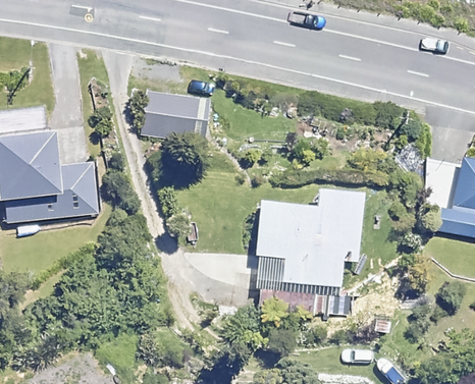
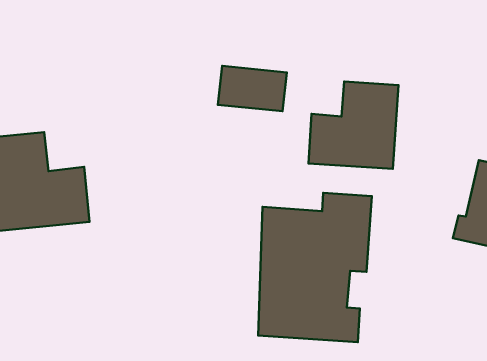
building: none -> [308,81,399,169]
building: [143,94,208,136] -> [218,66,287,111]

